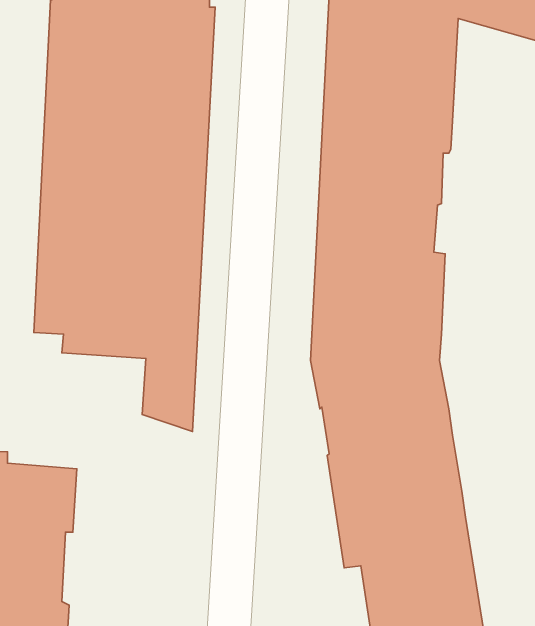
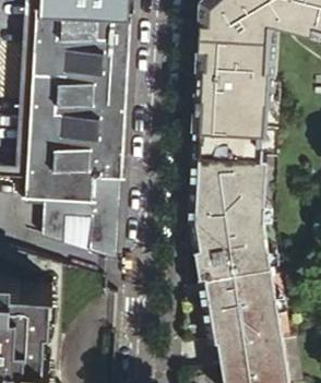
building: none -> [40,213,91,249]

